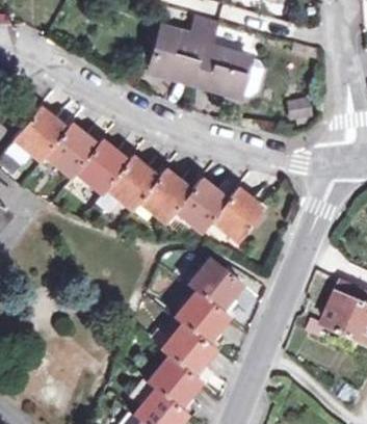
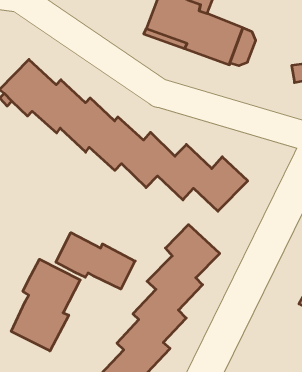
building: none -> [56,233,135,289]
building: none -> [11,259,80,351]

